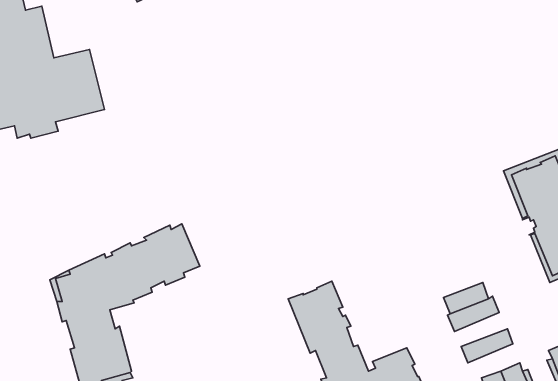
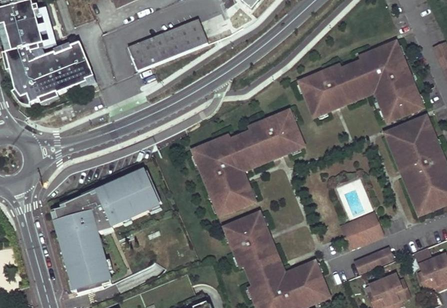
building: none -> [126,20,229,72]
building: none -> [300,42,420,119]
building: none -> [193,111,301,212]

